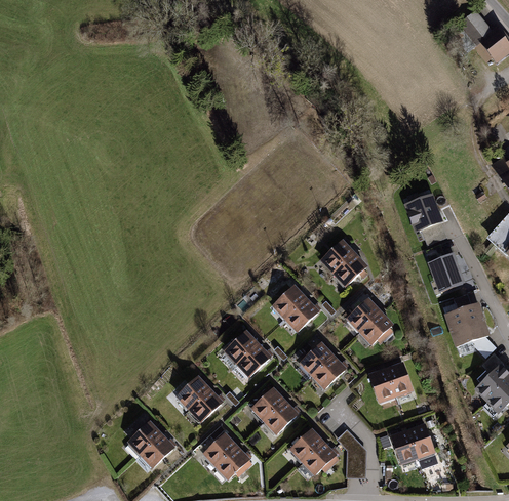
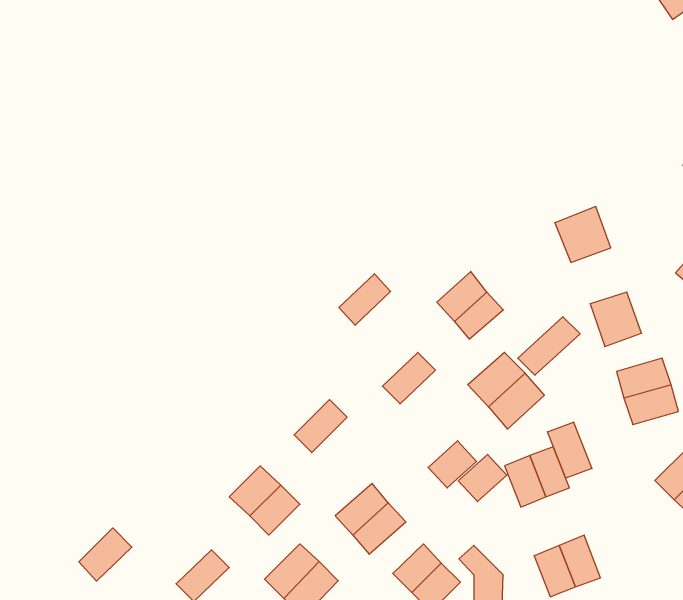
building: none -> [518,317,580,375]
building: [271,283,307,319] -> [339,274,391,325]
building: [233,340,270,377] -> none
building: [301,342,335,375] -> [458,454,507,502]
building: none -> [547,422,592,478]
building: [126,419,163,456] -> [79,528,132,581]

